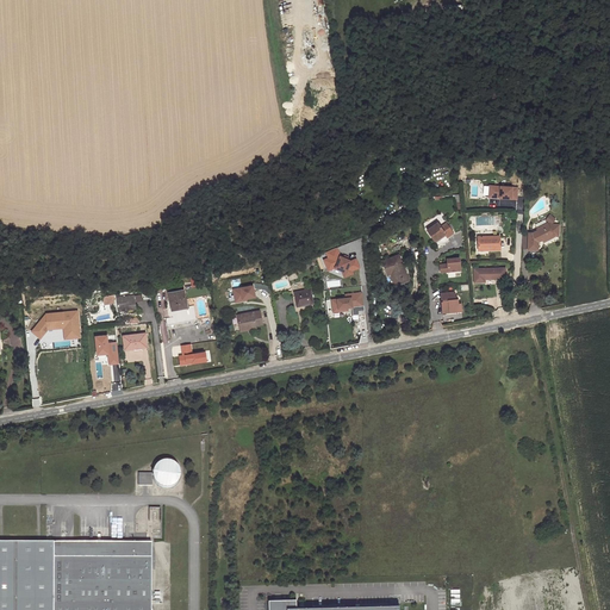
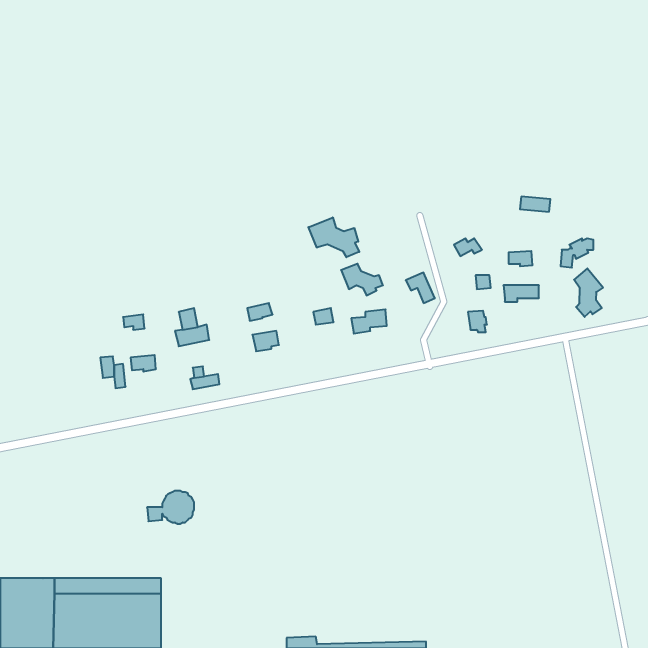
building: none -> [308,217,359,257]
building: none -> [574,268,603,317]
building: [33,311,80,338] -> none

